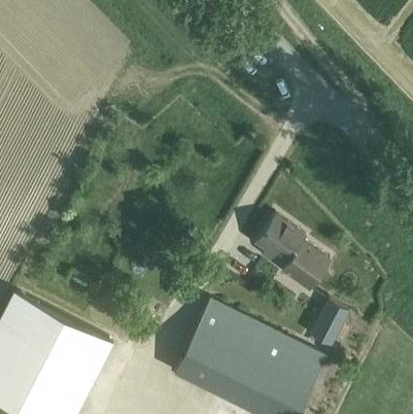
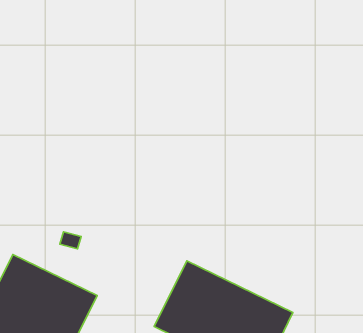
building: [253,216,329,289] -> none
building: [310,301,348,347] -> none

